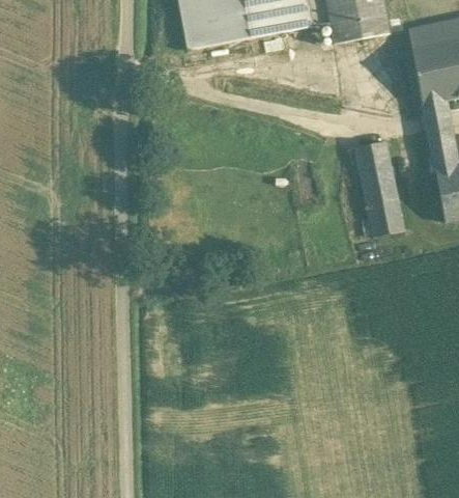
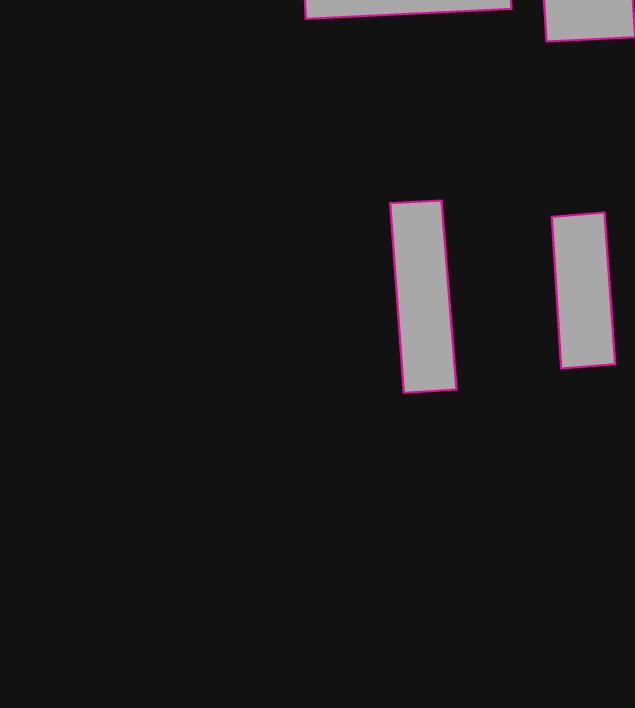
building: none -> [390,201,456,393]

